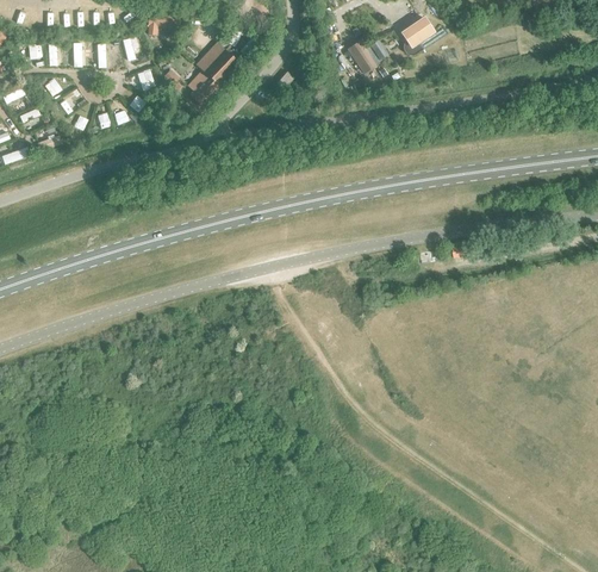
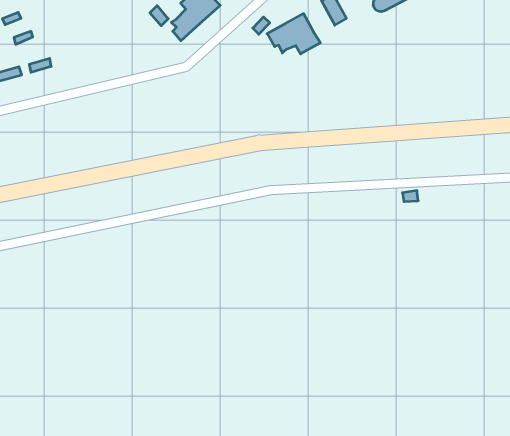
building: none -> [267,14,320,54]

